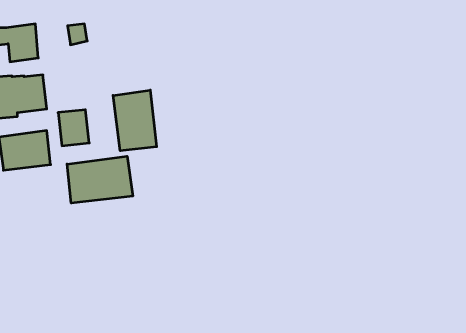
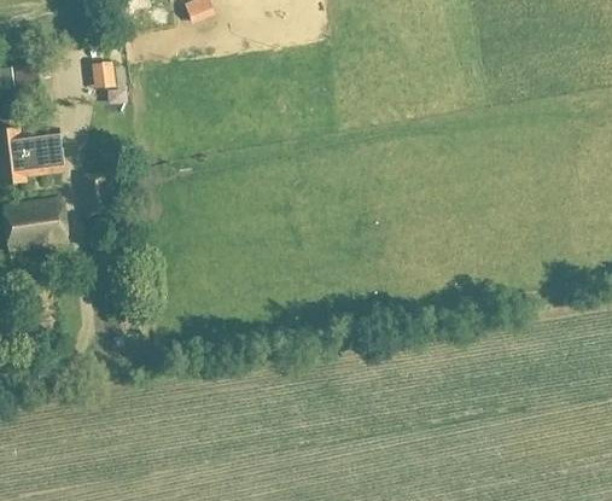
building: [113,90,157,151] -> none
building: [67,156,133,203] -> none

